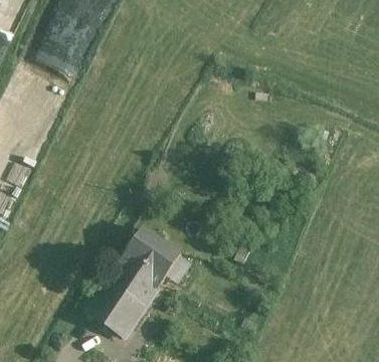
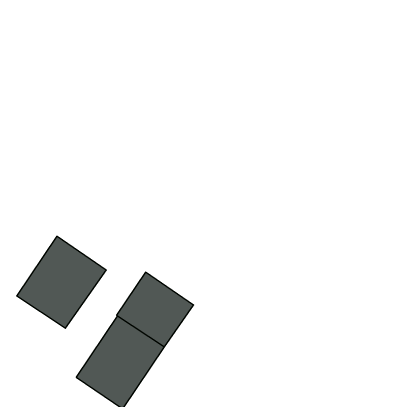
building: none -> [17,236,106,328]

